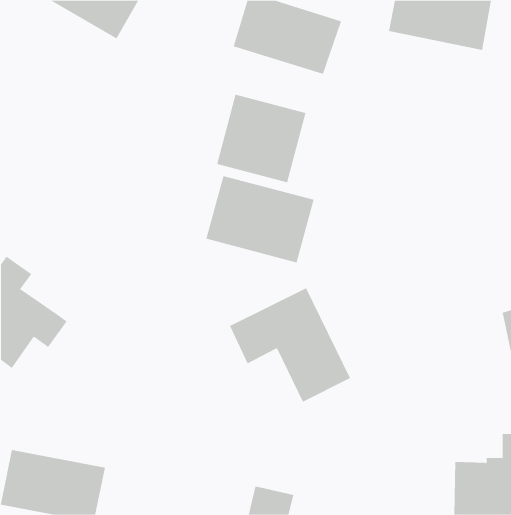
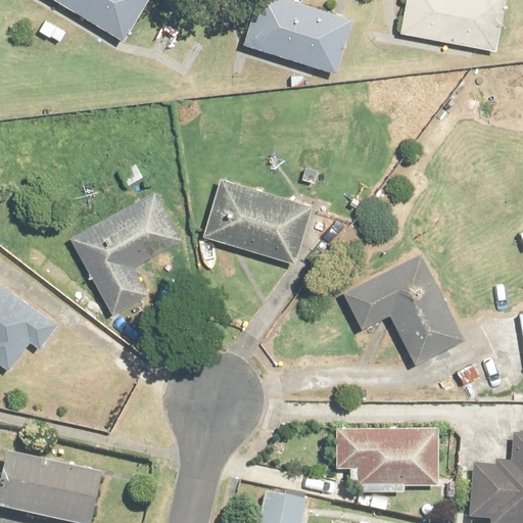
building: [217,94,306,183] -> none
building: none -> [80,187,194,314]
building: [229,287,351,402] -> [338,250,462,367]
building: none -> [331,425,434,495]

